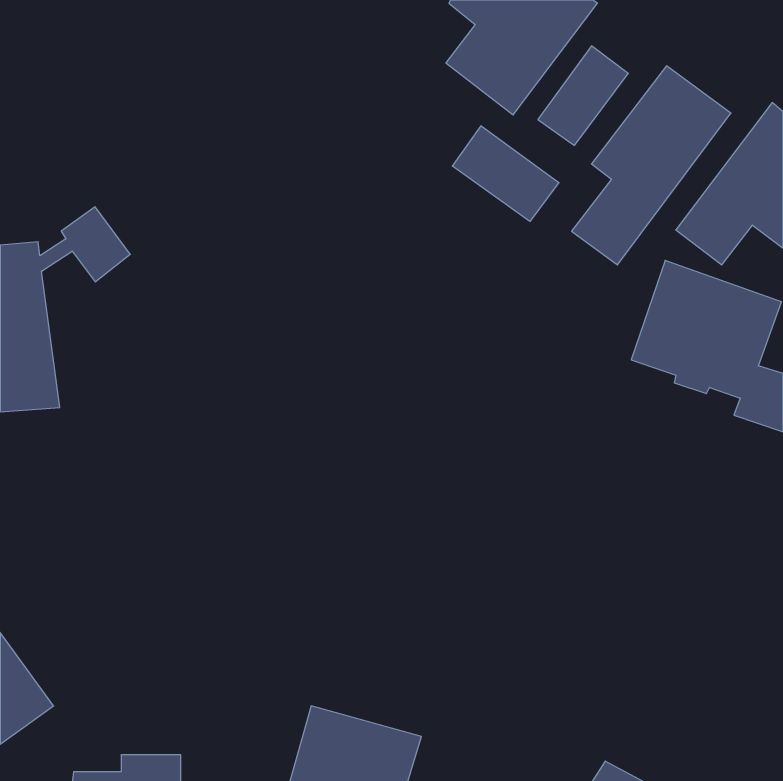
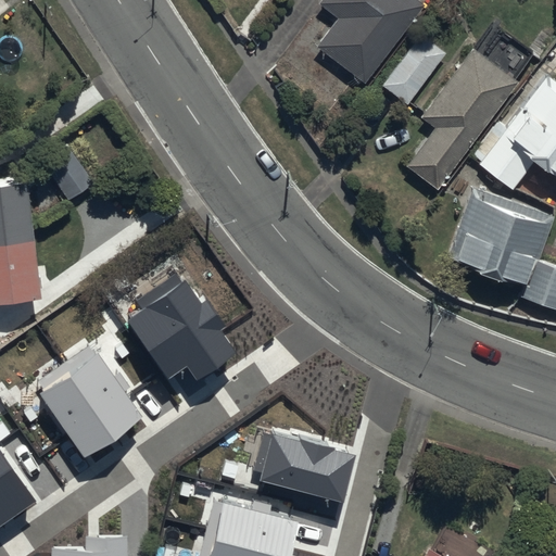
building: [452,126,559,221] -> none
building: none -> [126,281,236,380]
building: none -> [39,354,142,458]
building: none -> [258,433,355,503]

